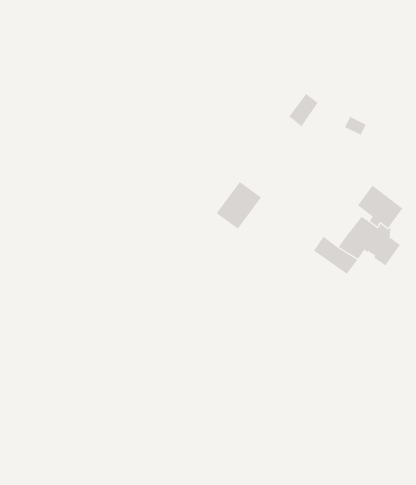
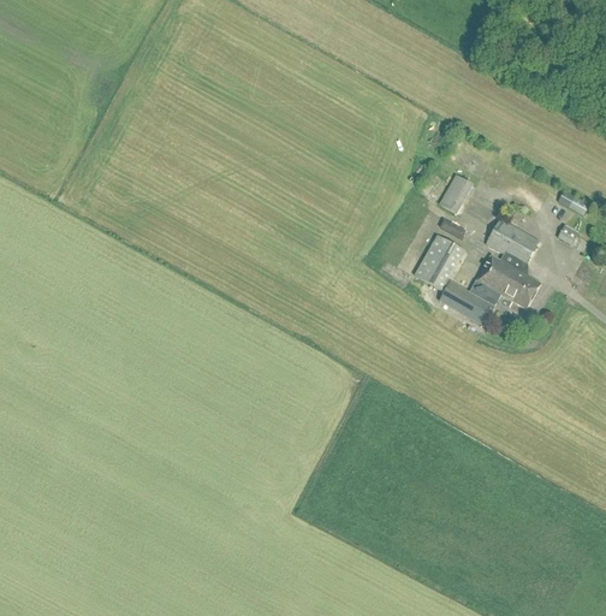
building: [288,93,318,127] -> [439,174,471,214]
building: [216,181,262,229] -> [412,235,463,290]

